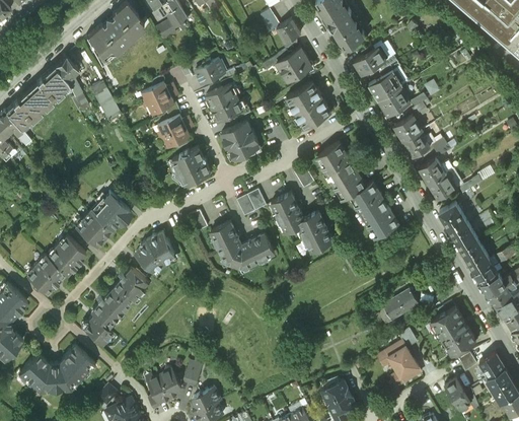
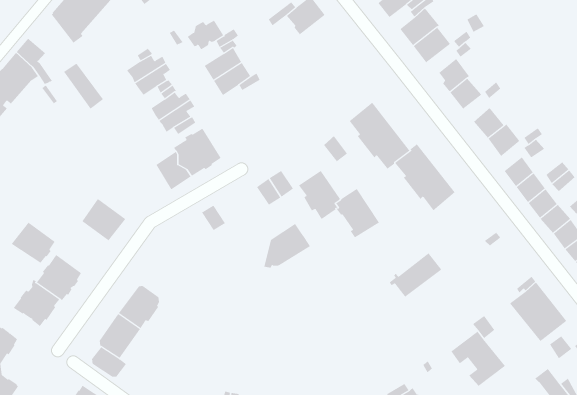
building: [286,83,330,130] -> none
building: [221,122,260,160] -> none
building: [74,211,110,247] -> [11,222,55,264]
building: [211,223,242,267] -> none
building: [135,233,175,272] -> none
building: [375,290,420,325] -> [389,252,442,298]

